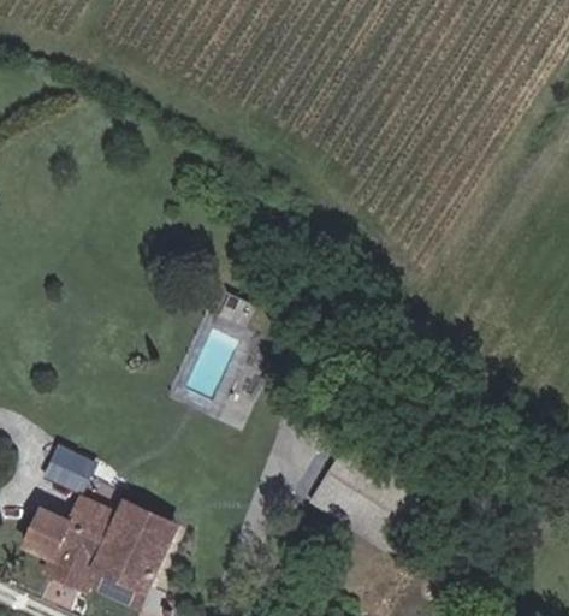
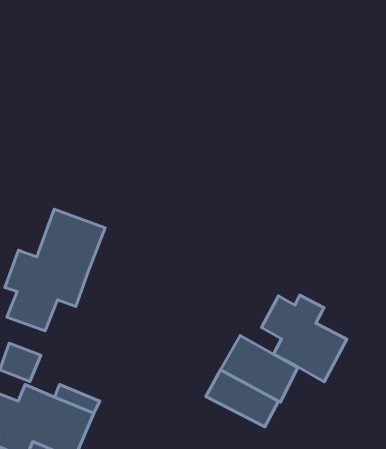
building: none -> [5,209,105,331]
building: none -> [262,295,347,382]

